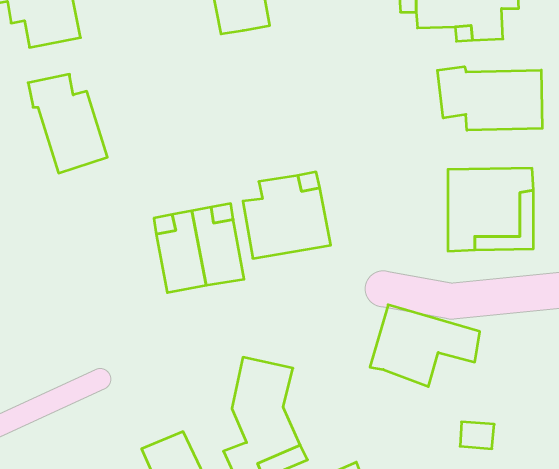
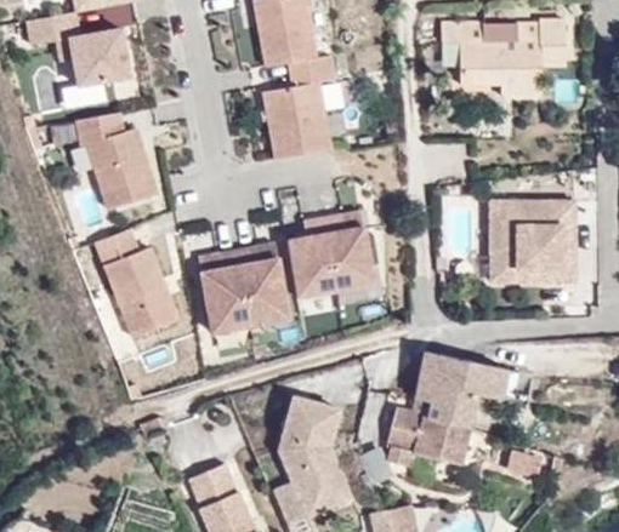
building: none -> [263,61,336,166]
building: [437,67,542,130] -> none
building: none -> [95,234,178,343]
building: none -> [388,397,473,464]

